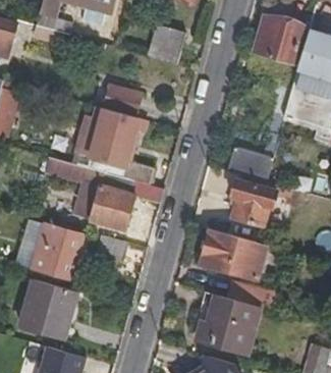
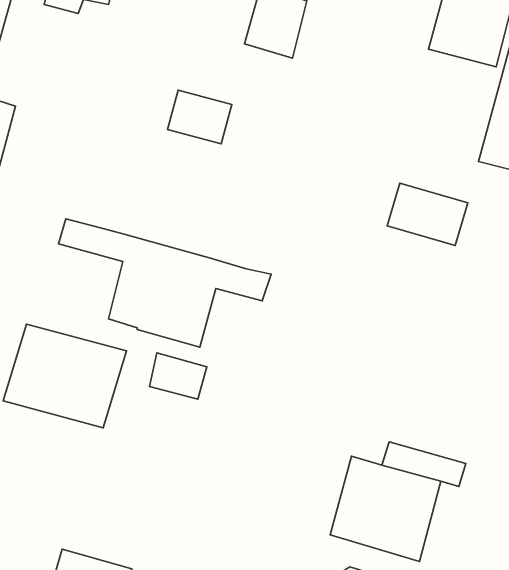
building: [69,105,154,185] -> none
building: [221,175,269,223] -> none
building: [200,229,267,280] -> none
building: [17,279,73,336] -> none

